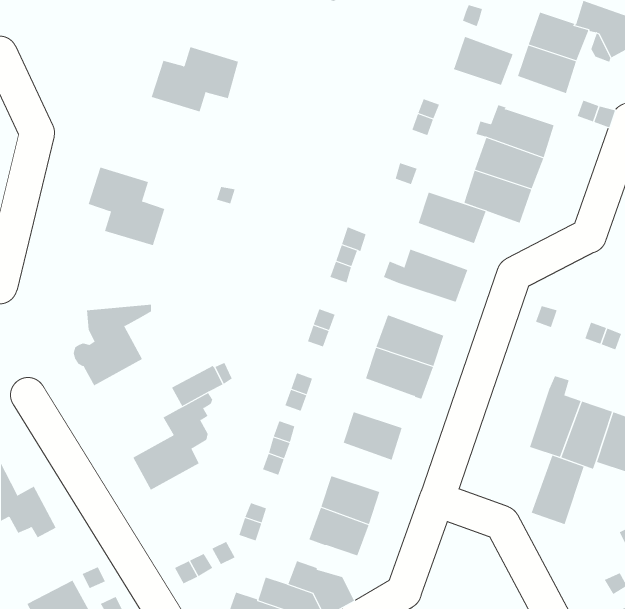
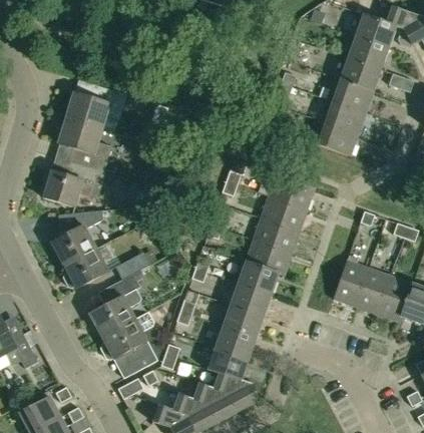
building: [452,36,514,85] -> [340,57,381,90]
building: [151,47,239,112] -> [67,84,126,128]
building: [418,192,486,244] -> [261,196,307,232]
building: none -> [43,161,105,206]
building: none -> [63,248,108,289]
building: none -> [238,261,279,294]
building: none -> [223,304,264,337]
building: none -> [101,311,157,372]
building: [531,455,585,525] -> [333,260,369,307]
building: none -> [214,373,260,410]

